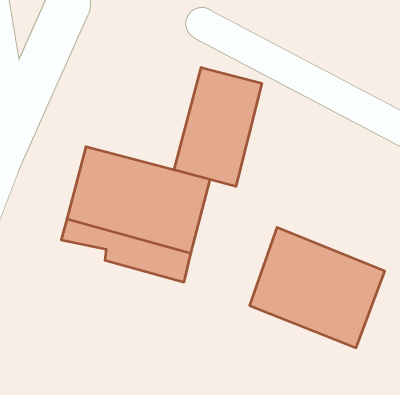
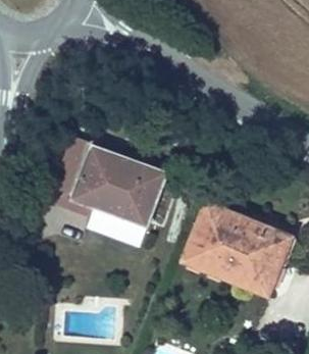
building: [174,67,262,186] -> none

